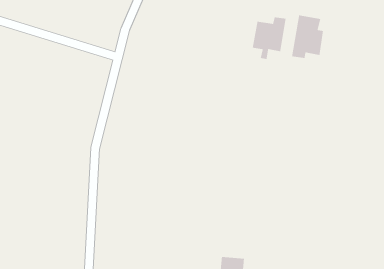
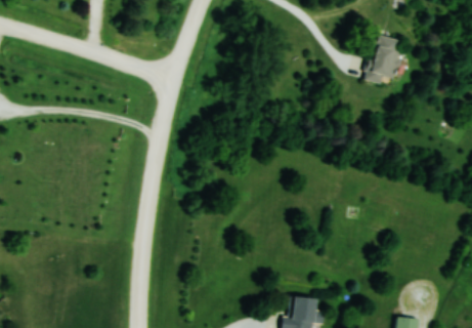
building: [252,17,287,60] -> none

